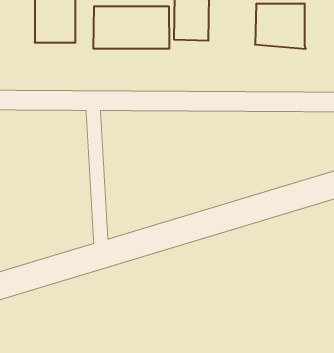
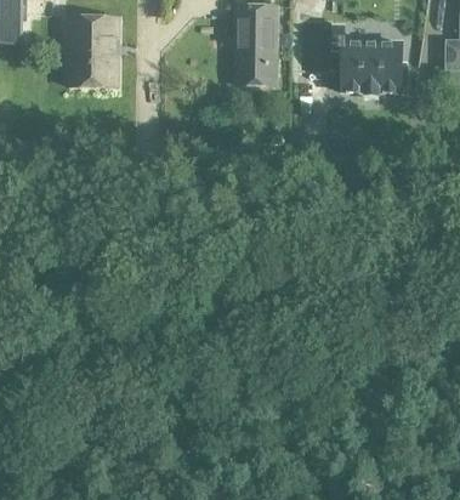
building: [93,6,169,49] -> none

